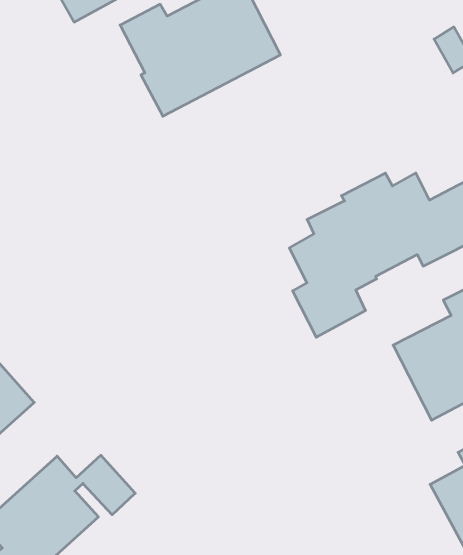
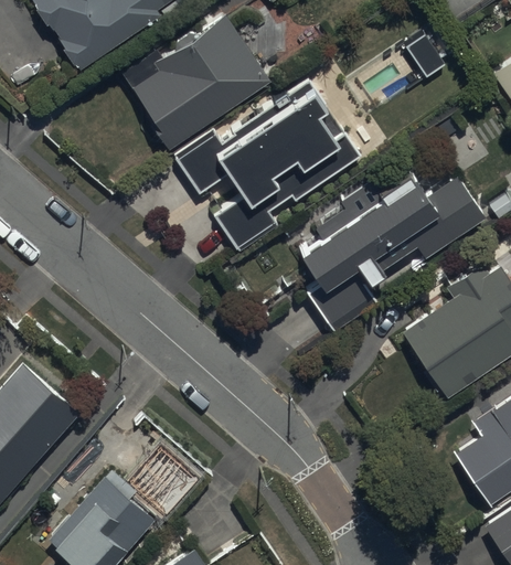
building: none -> [173,83,360,253]

